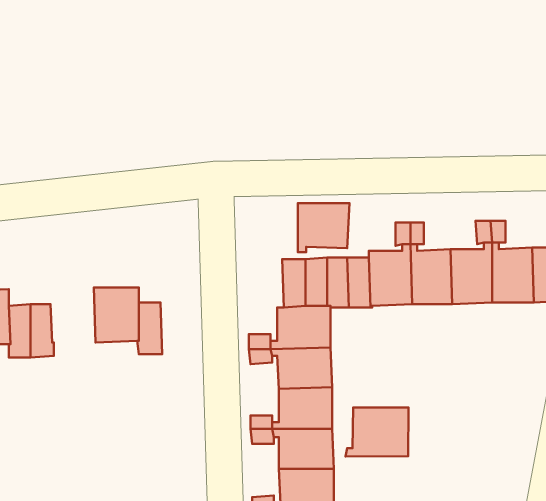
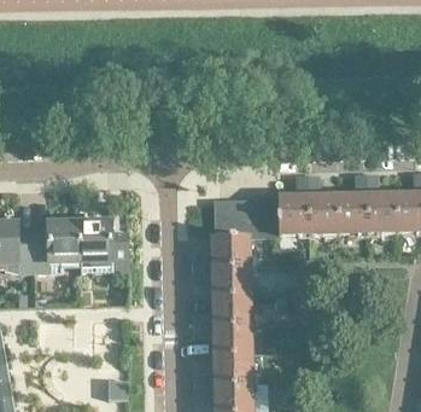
building: [298,203,349,252] -> none
building: none -> [47,221,80,261]
building: [346,408,409,456] -> none

